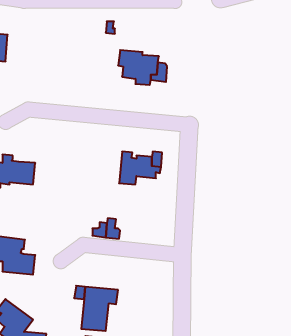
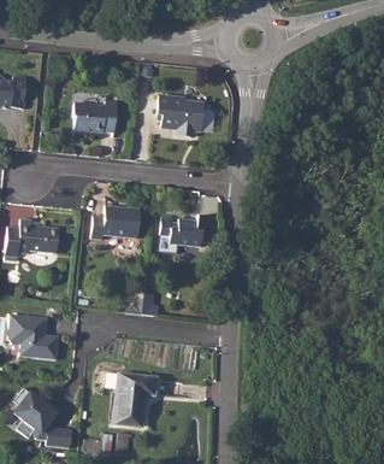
building: none -> [73,101,117,133]
building: none -> [91,206,140,239]

